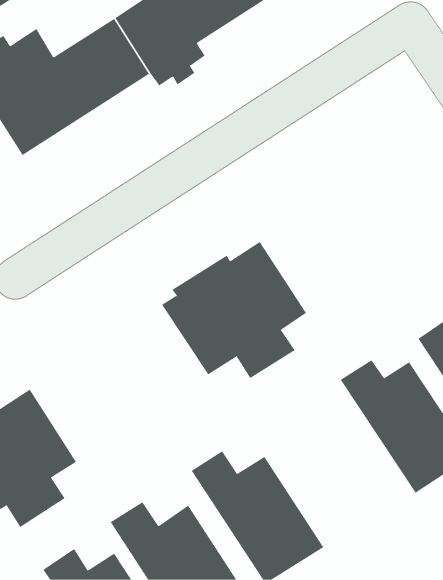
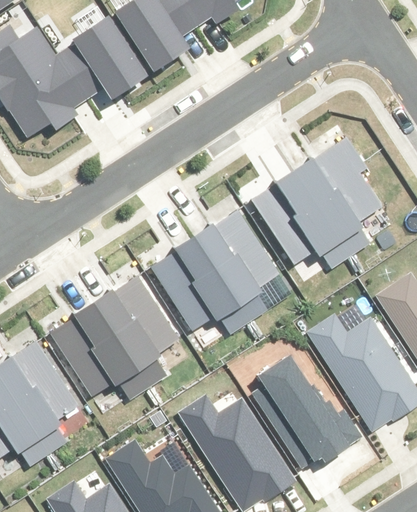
building: none -> [253,141,383,273]
building: none -> [55,274,183,396]
building: none -> [252,354,357,464]

